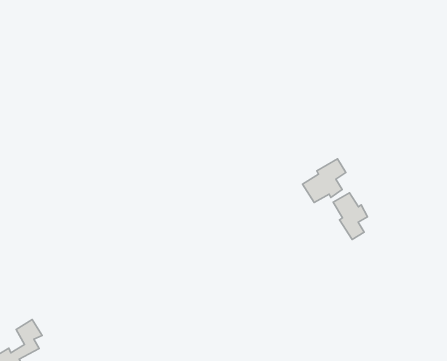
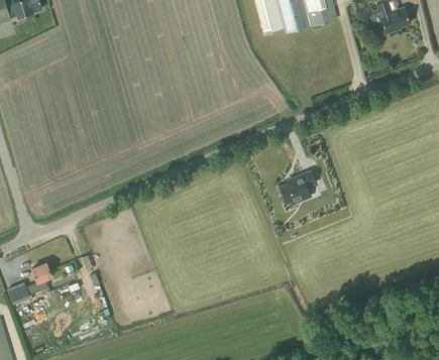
building: [333,193,367,240] -> none

